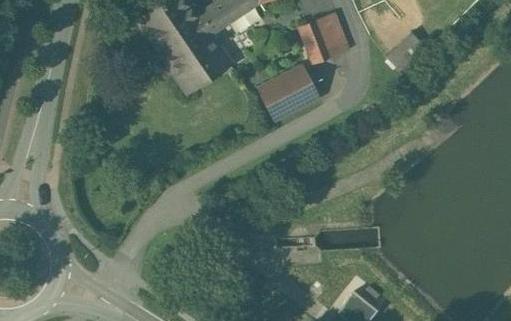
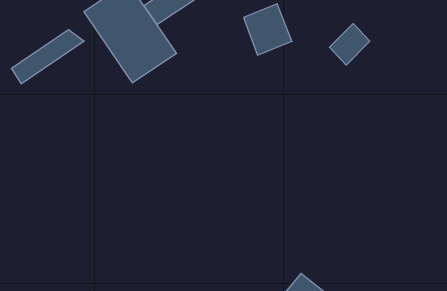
building: none -> [11,30,84,84]
building: [257,65,320,121] -> none

